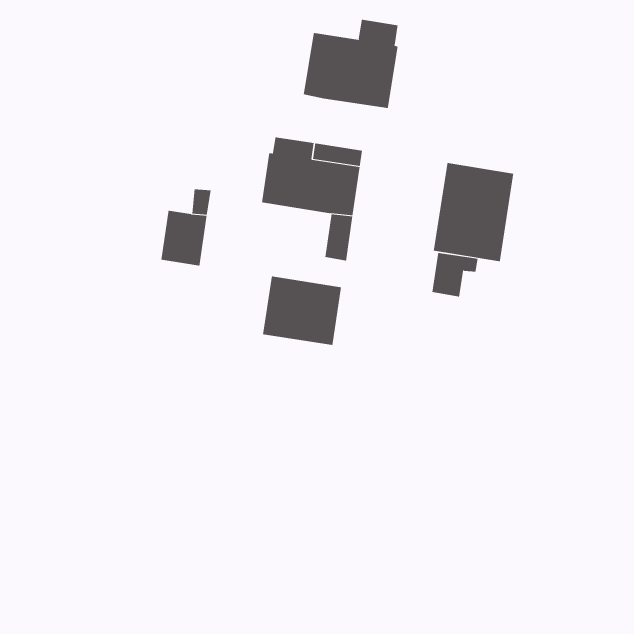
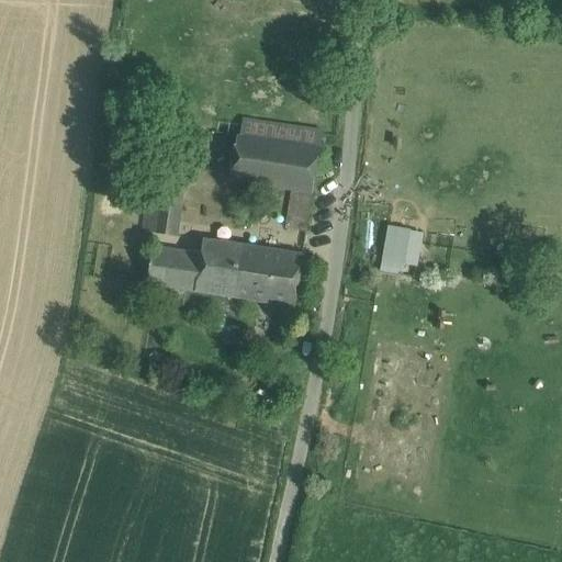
building: [303,19,398,109] -> none
building: [433,162,514,262] -> none
building: none -> [147,238,239,295]

